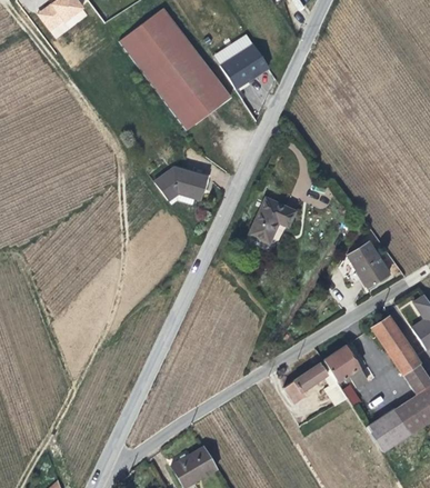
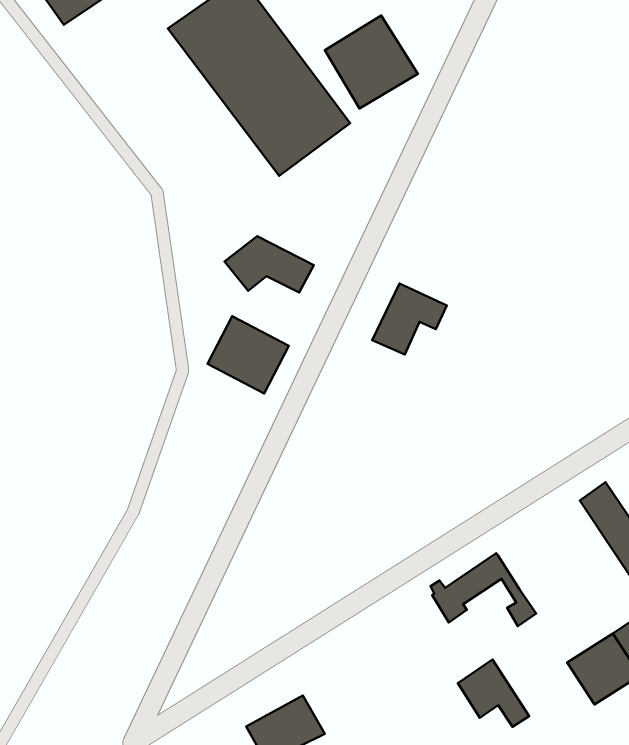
building: none -> [208,316,289,394]
building: [344,245,384,288] -> none
building: [322,347,366,388] -> [458,660,529,727]

